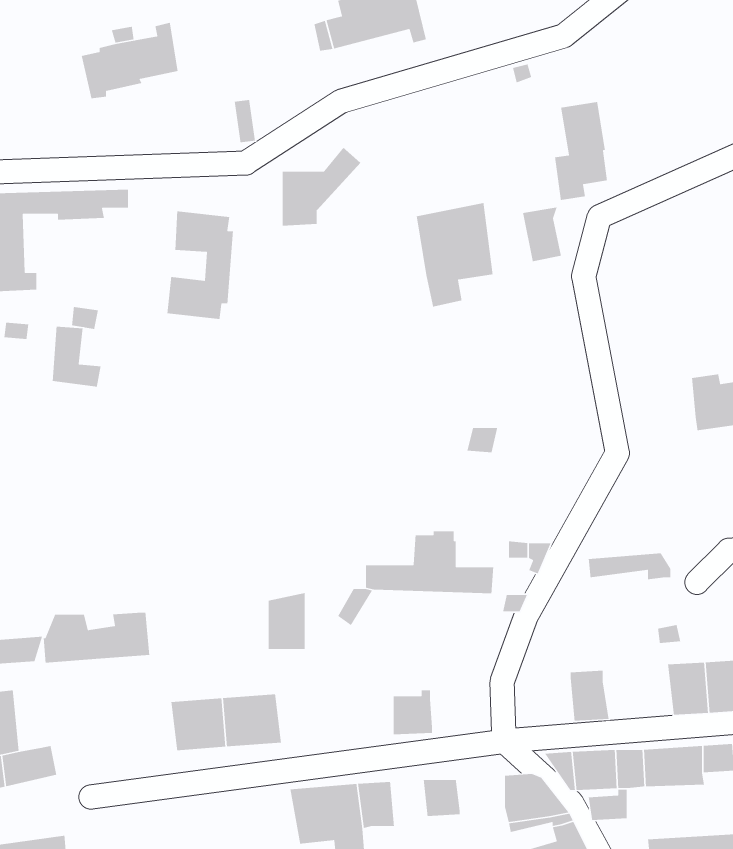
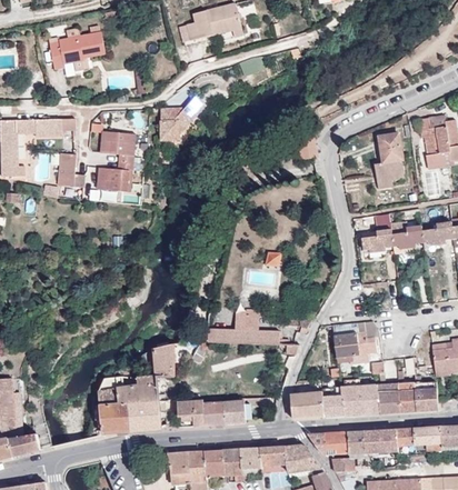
building: [554,101,608,201] -> [375,133,405,189]
building: [416,202,493,308] -> none
building: [52,326,101,388] -> [58,153,86,188]
building: none -> [362,223,392,252]
building: none -> [333,332,377,361]
building: [43,612,150,663] -> [98,377,158,406]
building: none -> [341,384,380,416]
building: none -> [290,392,325,420]
building: none -> [178,400,223,428]
building: none -> [259,447,286,467]
building: none -> [222,449,243,476]

